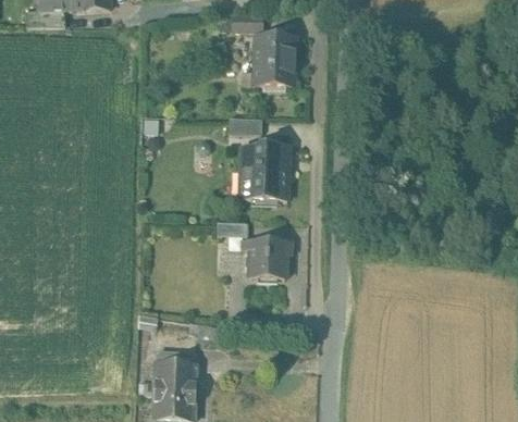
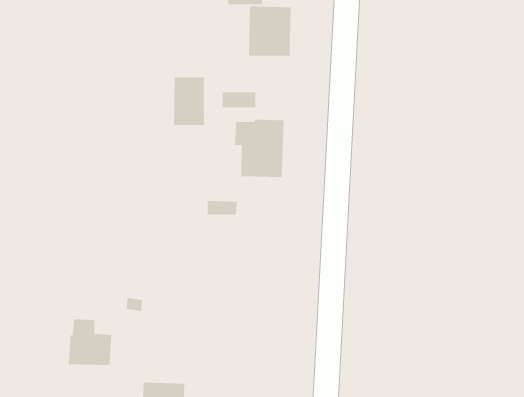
building: none -> [174,77,205,126]
building: [244,237,291,276] -> none
building: [153,349,196,394] -> [68,319,112,366]

